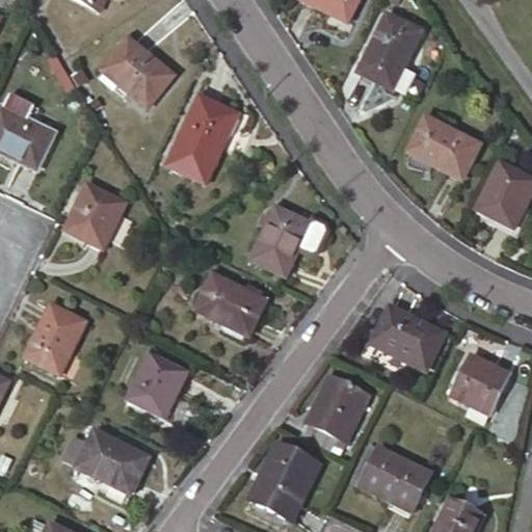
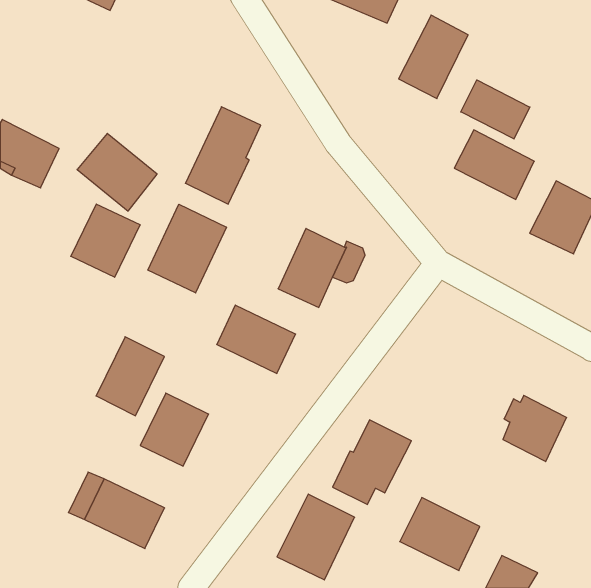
building: [102,37,174,107] -> [77,133,157,211]
building: none -> [461,80,530,139]
building: none -> [148,204,226,293]
building: [25,303,86,374] -> [96,337,164,416]
building: [373,307,444,369] -> none

